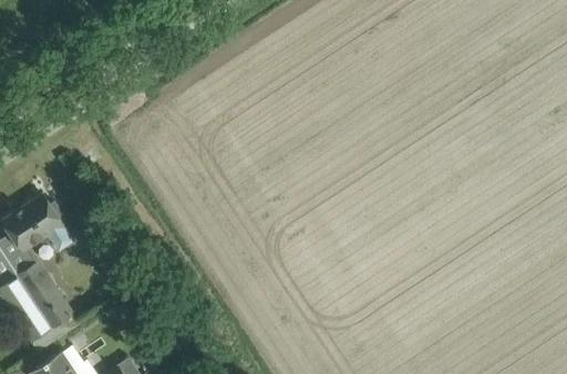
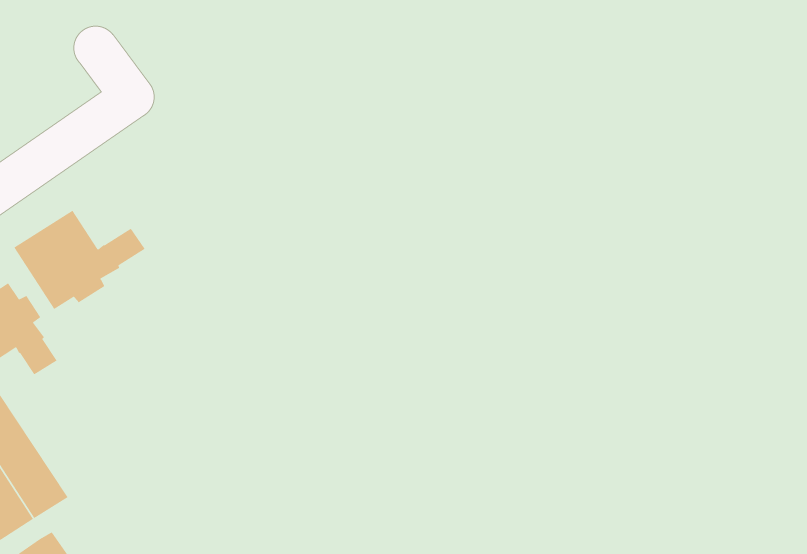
building: none -> [13,210,146,310]

